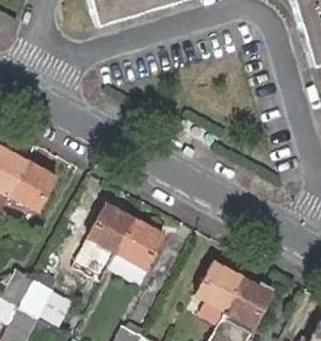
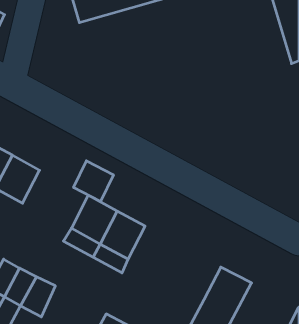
building: none -> [74,161,113,202]
building: [194,261,240,310] -> none

